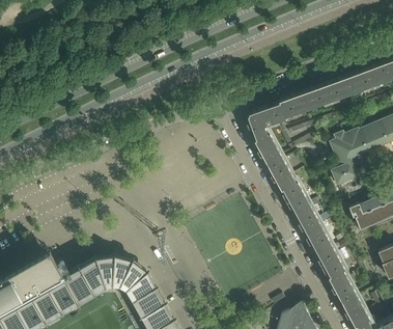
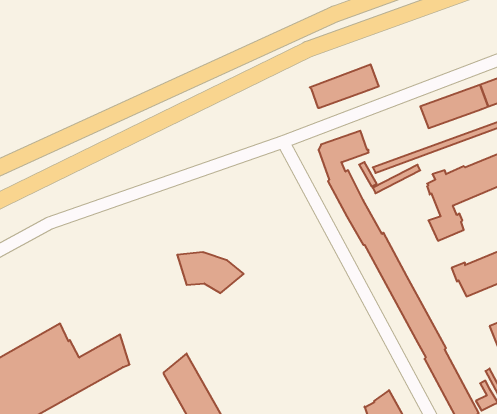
building: [279,85,332,118] -> [310,64,379,108]
building: [96,257,147,289] -> [177,252,244,293]

